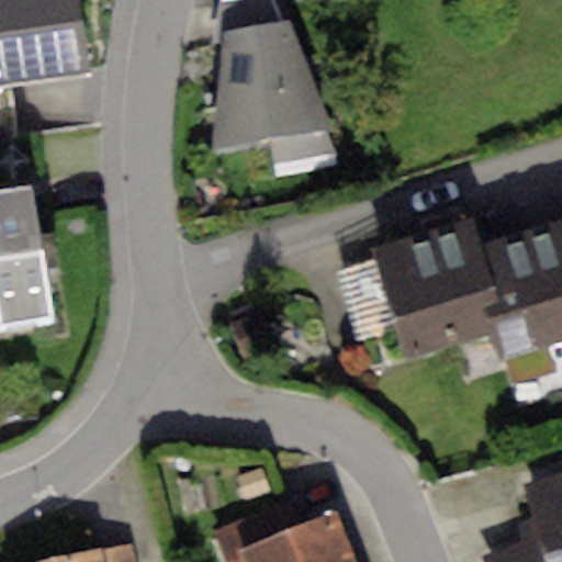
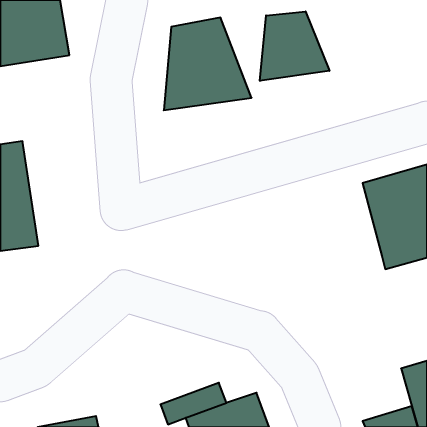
building: none -> [260,11,329,81]
building: [367,215,502,362] -> none

